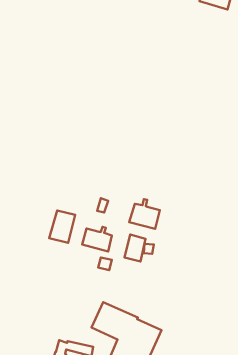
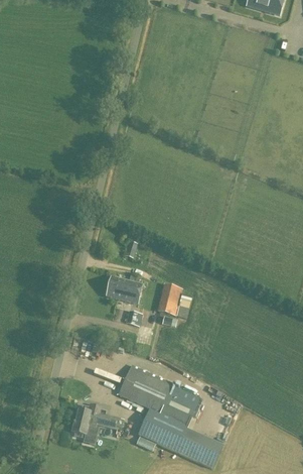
building: [129,199,160,229] -> none
building: [49,211,75,243] -> none

